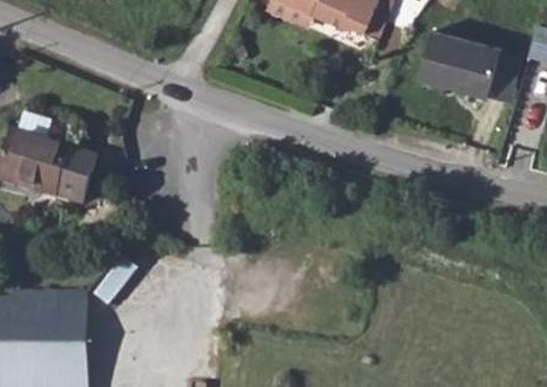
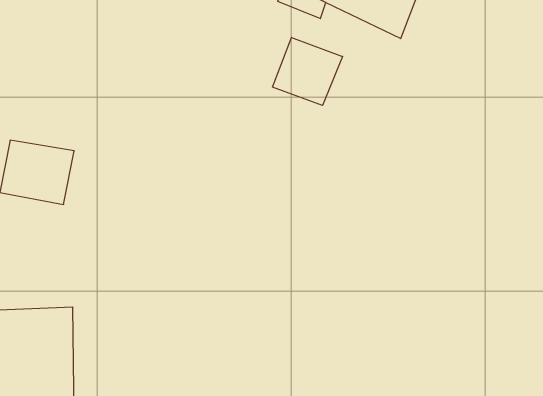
building: [424,36,502,99] -> none
building: none -> [272,37,343,105]

